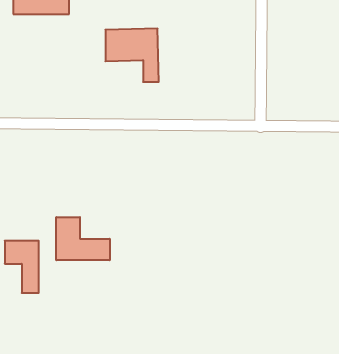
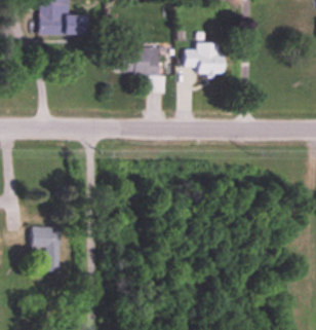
building: none -> [183,44,220,75]
building: [56,217,110,260] -> none

